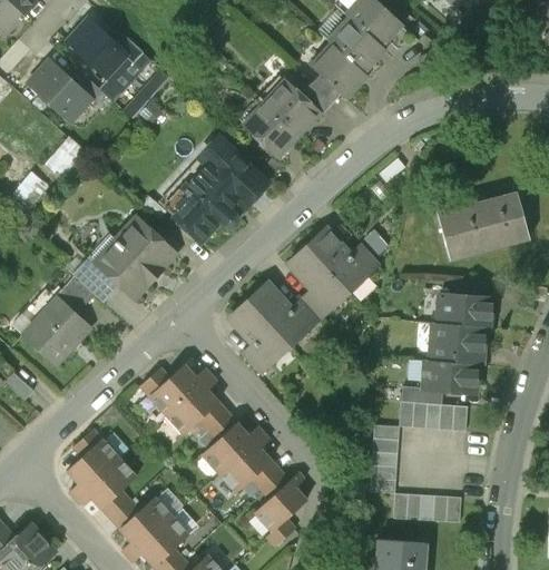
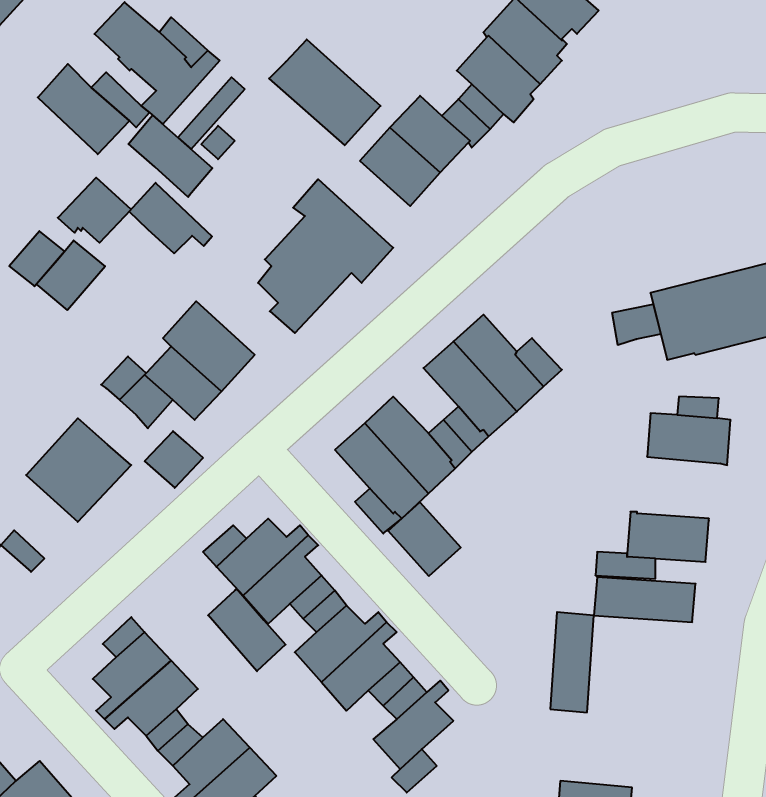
building: none -> [269,39,381,145]
building: none -> [128,115,212,197]
building: none -> [129,183,212,253]
building: none -> [36,240,105,310]
building: none -> [612,304,661,345]
building: [57,277,96,315] -> [145,431,203,488]
building: [430,322,486,365] -> none
building: none -> [388,502,461,576]
building: none -> [208,589,286,671]
building: [394,493,462,523] -> none

